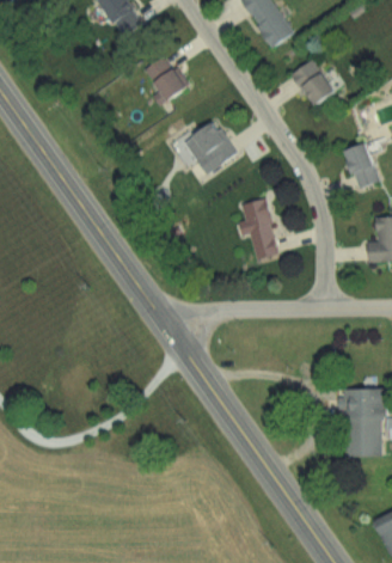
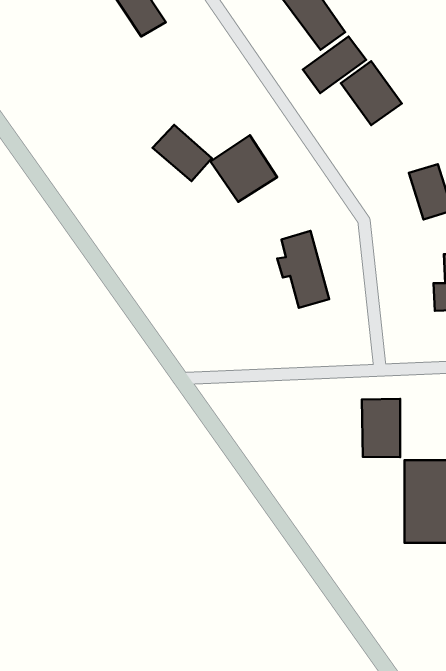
building: none -> [303,36,366,93]
building: [142,55,191,102] -> [152,125,212,181]
building: none -> [362,399,400,457]

